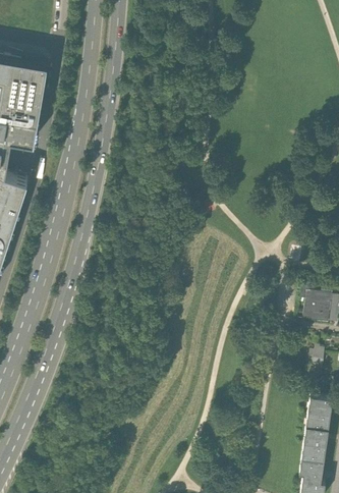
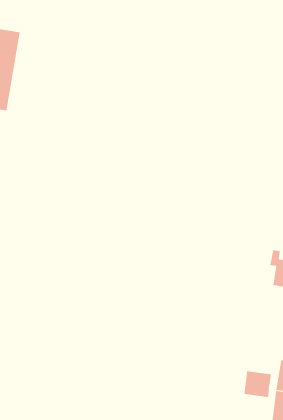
building: none -> [244,371,272,398]

